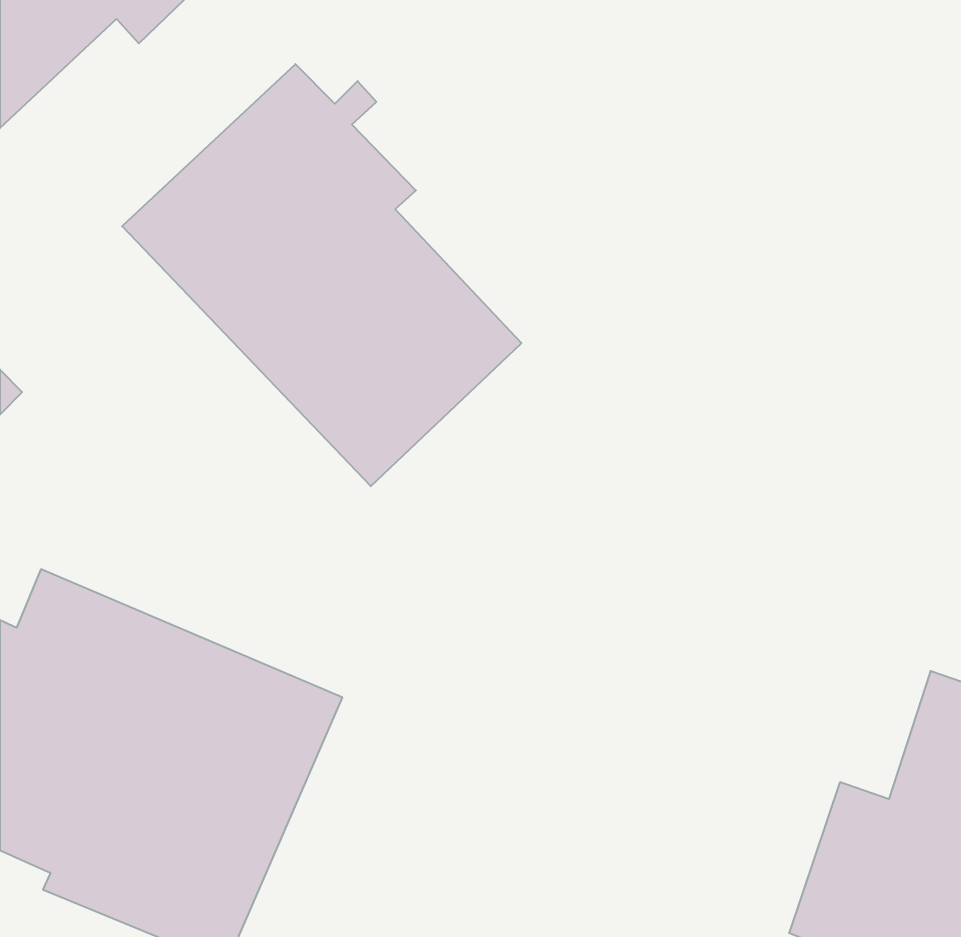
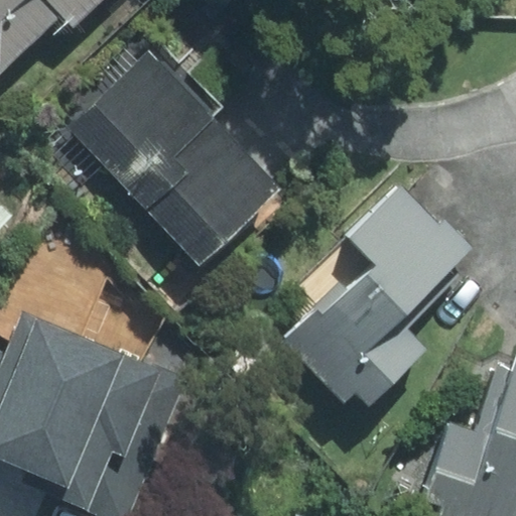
building: none -> [289,181,475,402]

